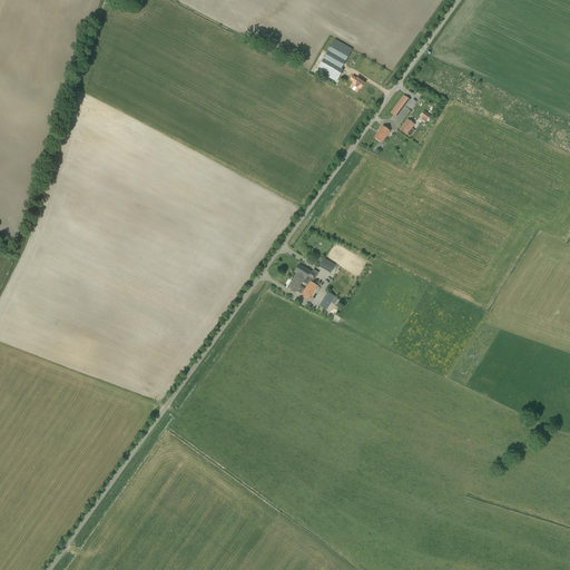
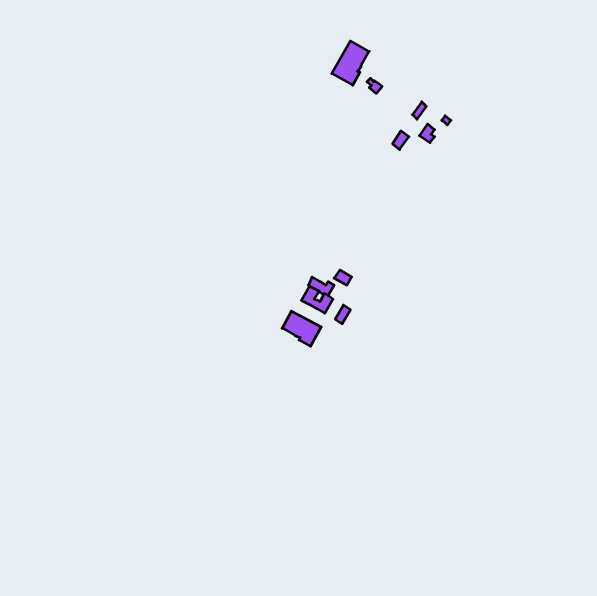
building: none -> [282,311,321,346]

